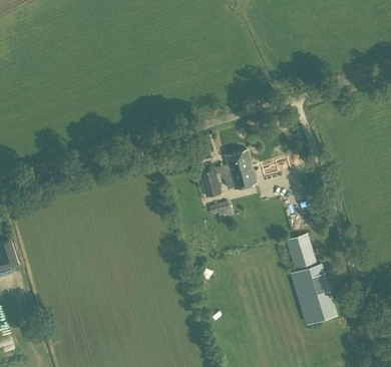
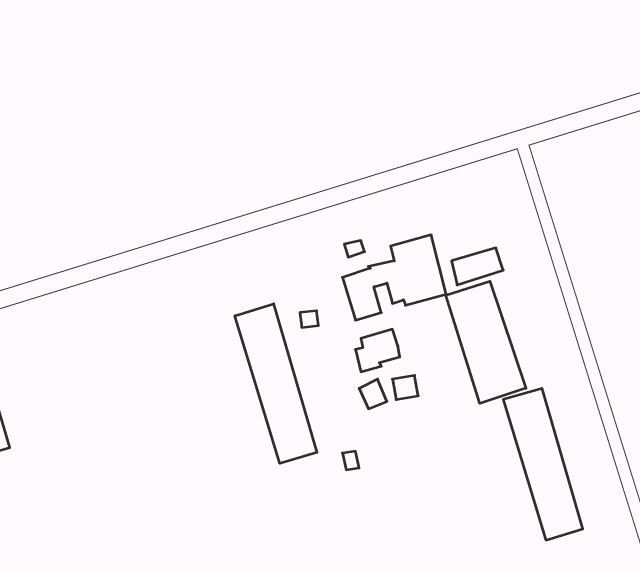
building: none -> [446,281,526,403]
building: none -> [235,304,317,463]

